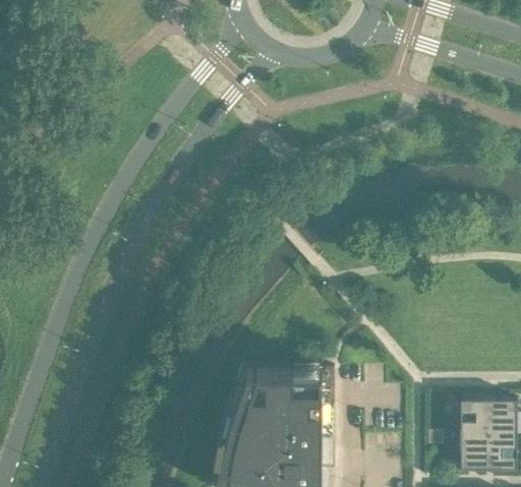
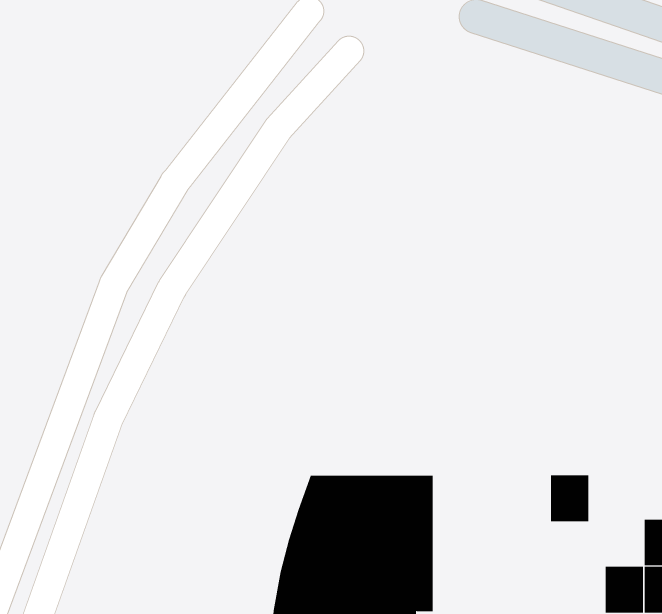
building: [460,403,488,437] -> [550,475,589,522]

